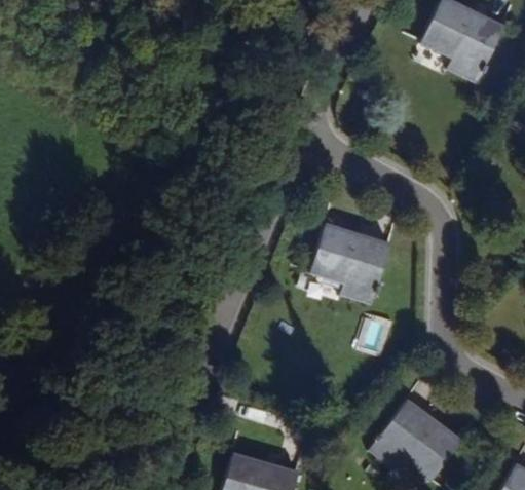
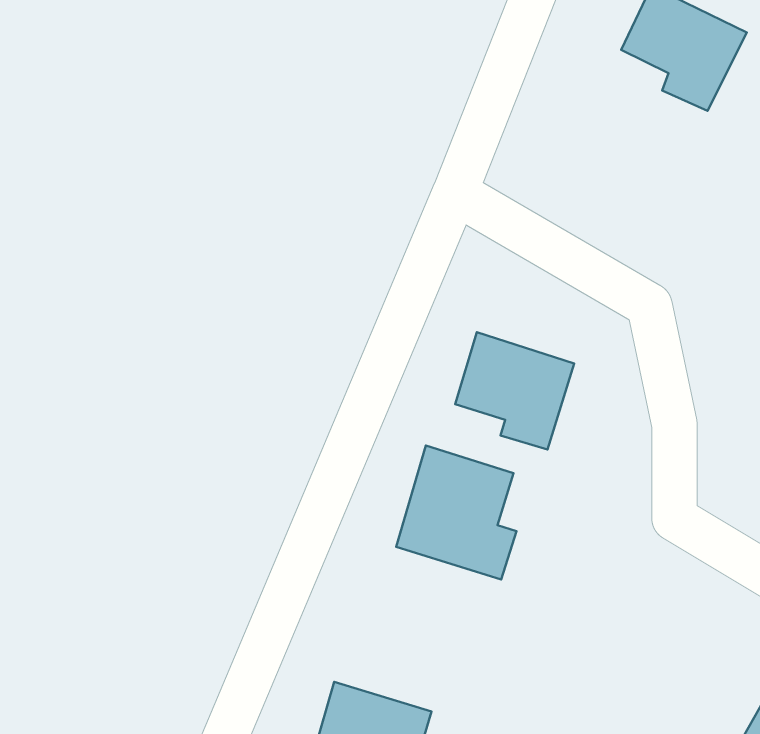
building: none -> [396,446,517,579]
building: [372,400,460,478] -> none

